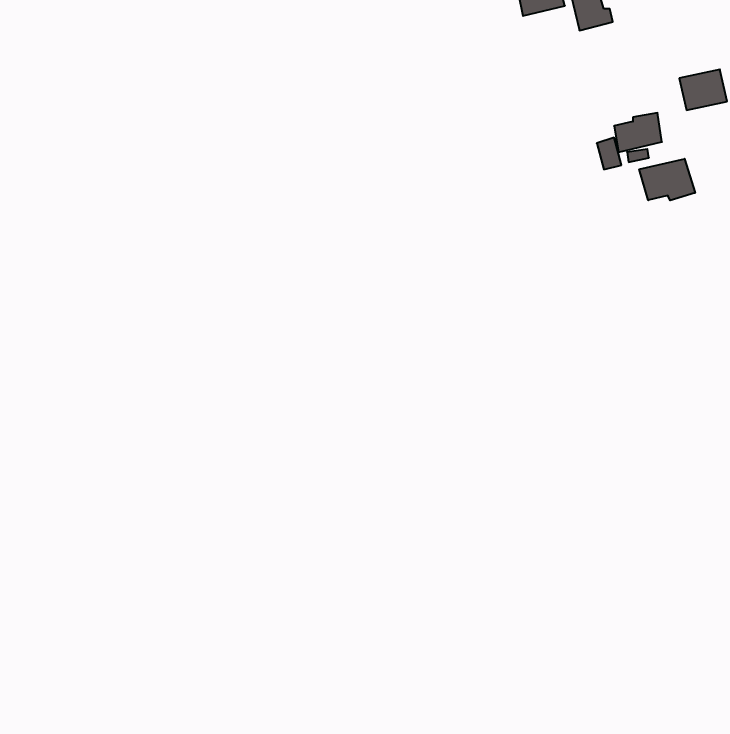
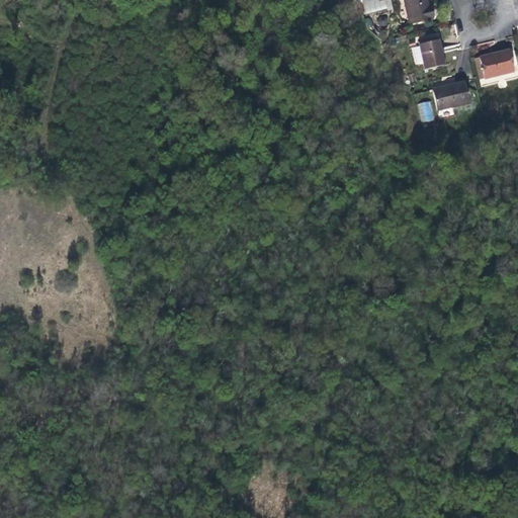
building: none -> [419,37,444,67]
building: [639,159,695,200] -> none

